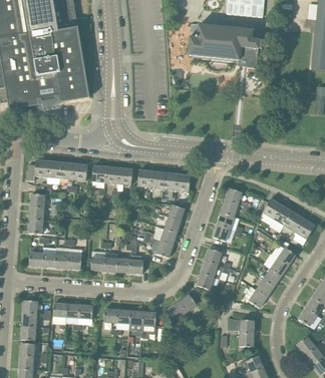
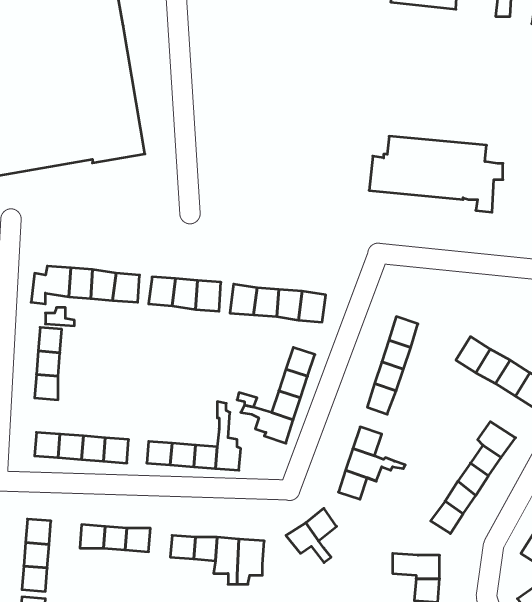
building: [188,24,262,66] -> [369,136,503,212]

